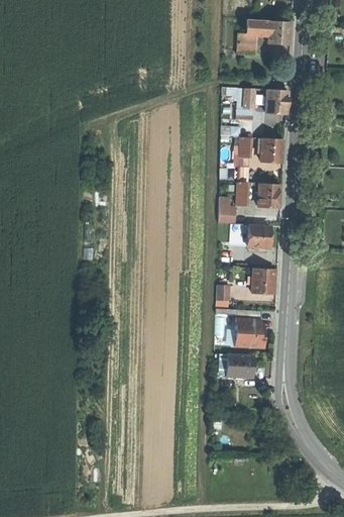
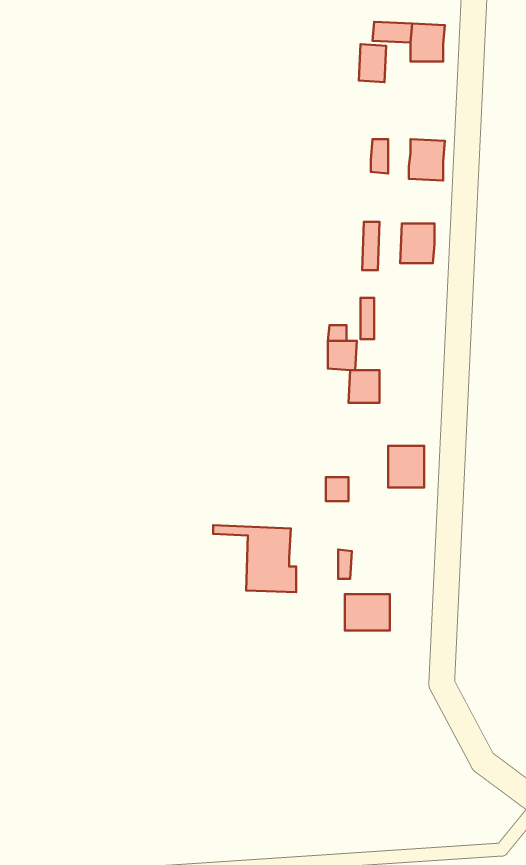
building: [259,184,278,207] -> none
building: [248,227,269,247] -> none
building: [218,309,266,348] -> [213,525,296,592]

